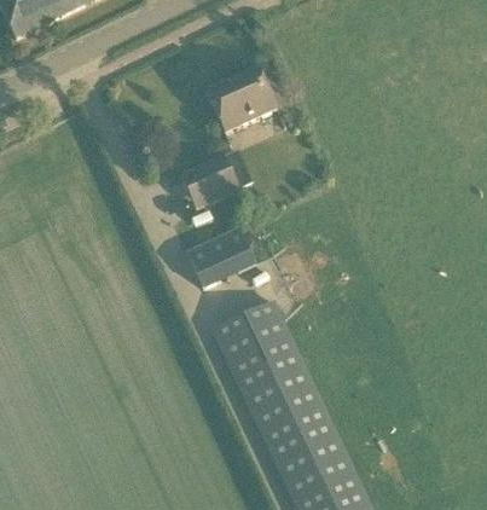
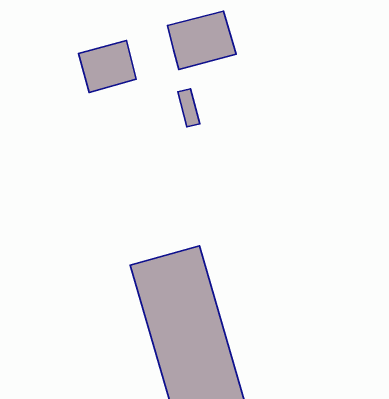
building: [178,151,238,208] -> [78,40,136,93]
building: [190,227,256,285] -> none

